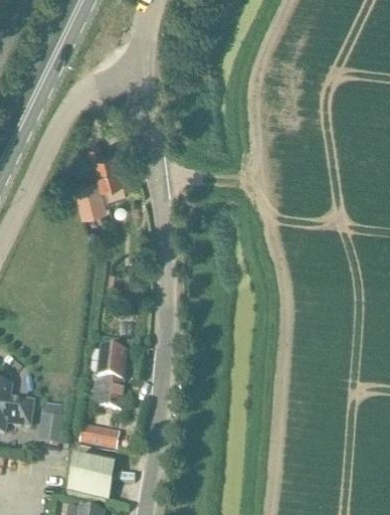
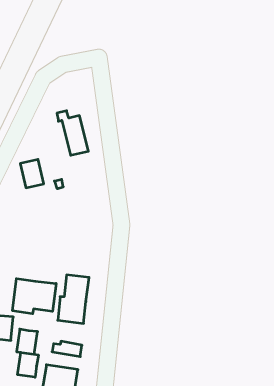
building: [75,176,105,211] -> [20,159,44,188]
building: none -> [13,279,56,314]
building: none -> [18,352,38,377]

